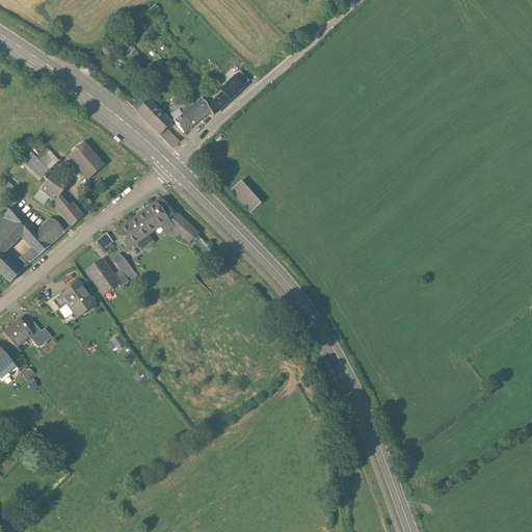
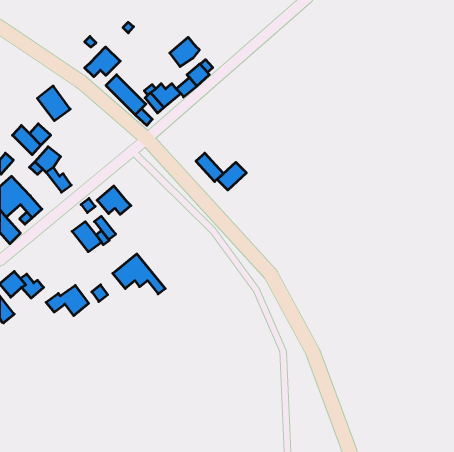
building: none -> [170,37,199,67]
building: none -> [85,47,120,77]
building: [69,140,107,181] -> [37,86,70,121]
building: none -> [217,162,246,190]
building: [133,194,194,241] -> [113,254,165,294]
building: [35,213,66,244] -> none
building: [45,281,95,316] -> [46,285,89,316]

